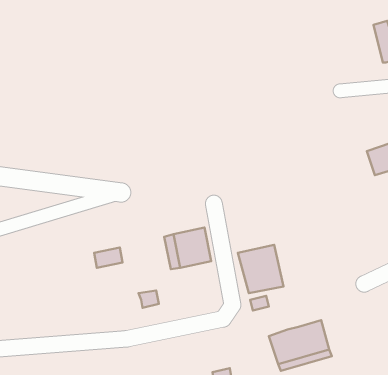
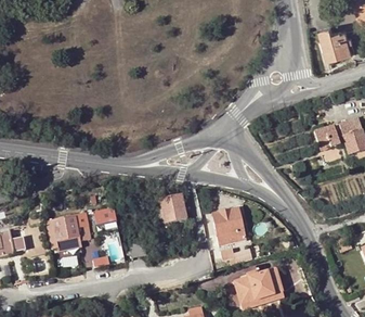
building: none -> [47,214,91,251]

